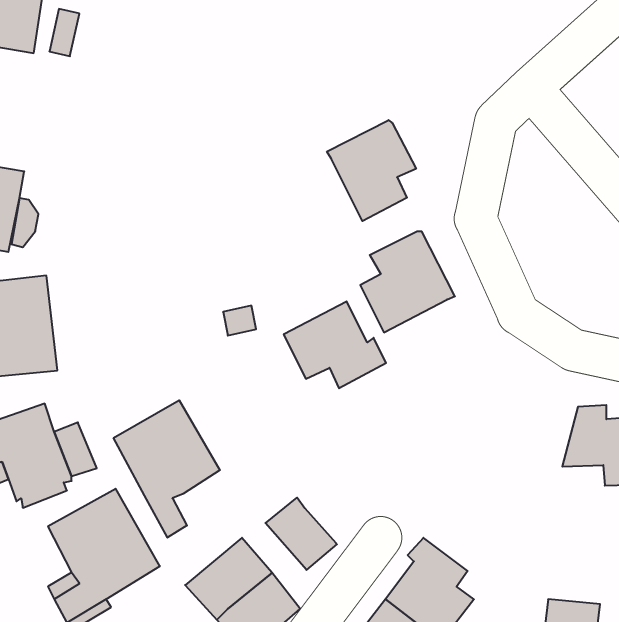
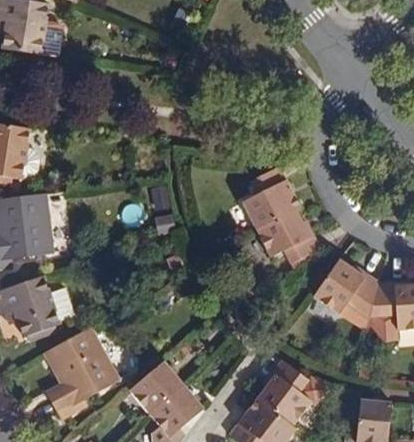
building: [327,120,416,221] -> none
building: [284,301,386,388] -> [256,210,321,265]
building: none -> [314,260,379,316]
building: [114,400,220,538] -> none
building: [265,498,337,570] -> none

